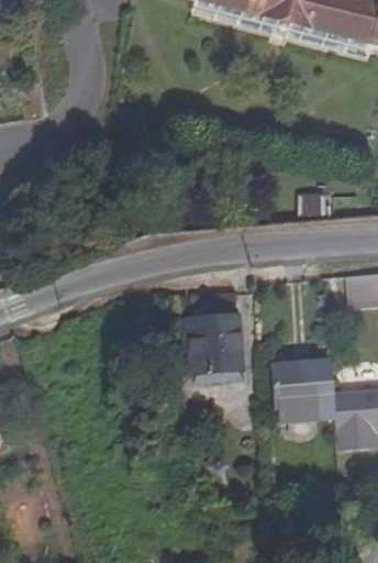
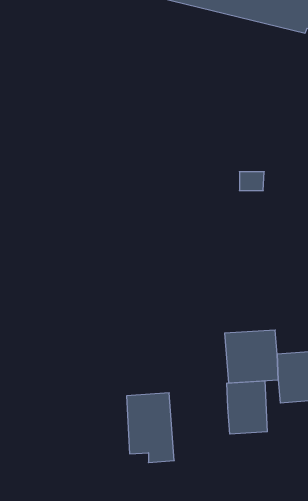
building: [190,317,243,394] -> [127,393,174,463]
building: none -> [227,381,267,434]

